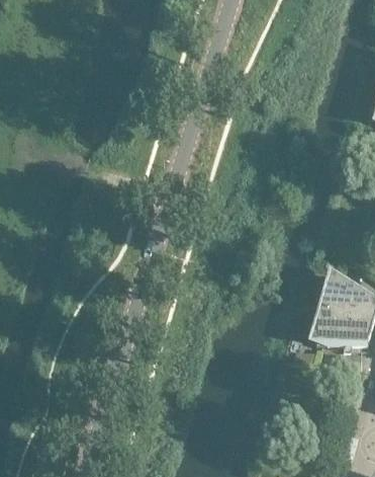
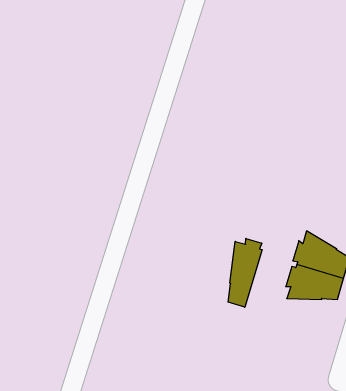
building: none -> [228,238,262,307]

